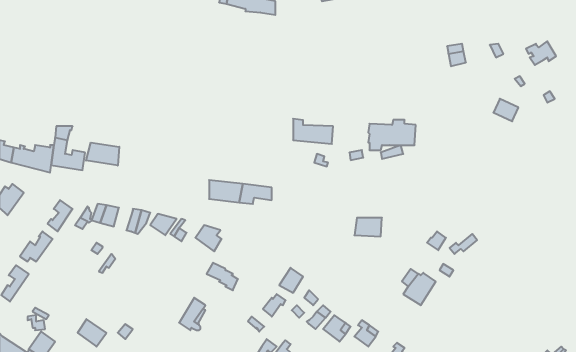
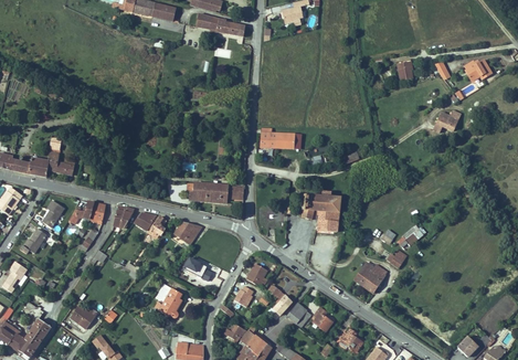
building: [368,120,416,150] -> [297,193,339,220]
building: [86,143,119,166] -> none

